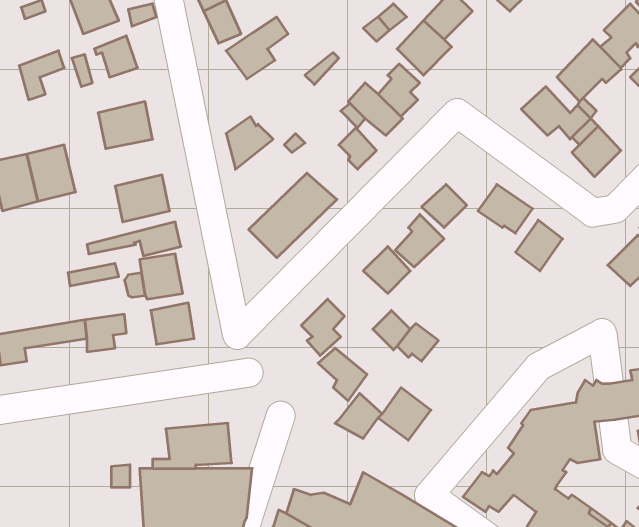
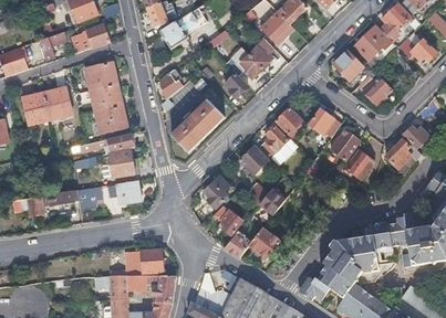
building: none -> [90,83,123,110]
building: none -> [336,150,374,181]

